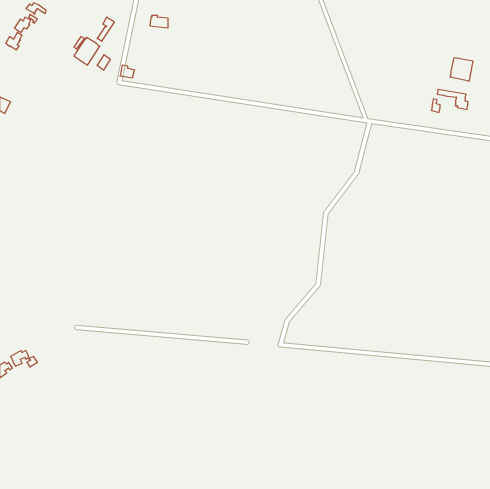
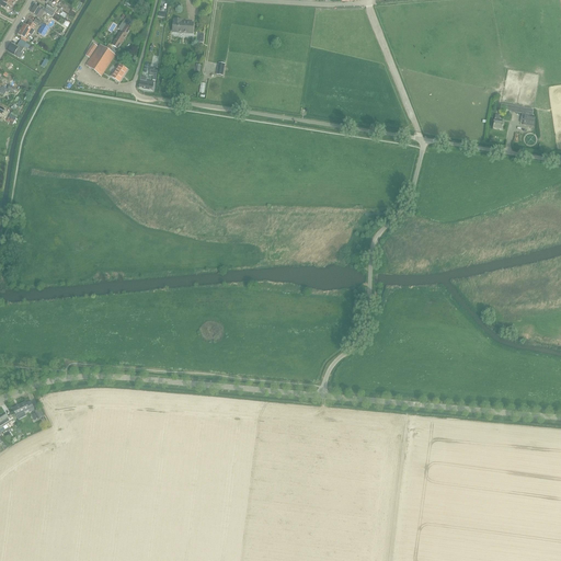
building: [450,58,473,81] -> none

